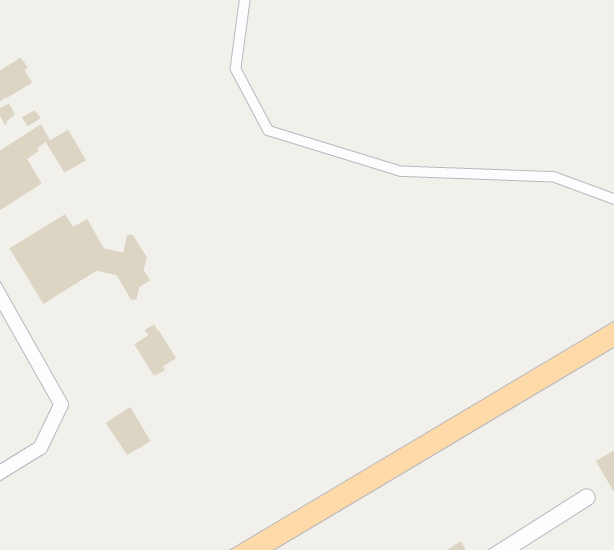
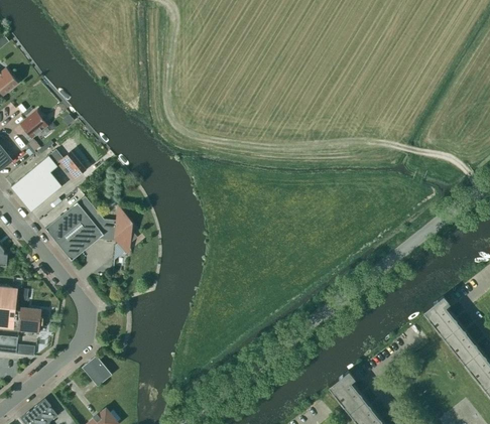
building: [133,323,177,377] -> none
building: [105,406,152,456] -> [82,355,112,386]

